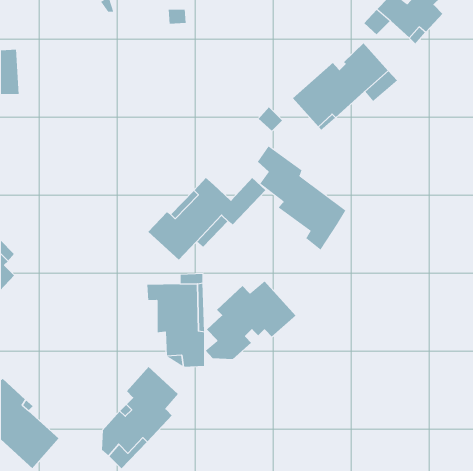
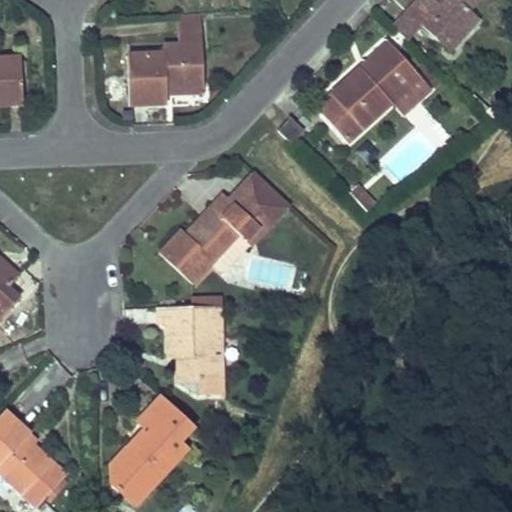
building: none -> [127,32,203,103]
building: [257,145,346,251] -> none
building: none -> [232,174,273,216]
building: [205,280,296,360] -> none

